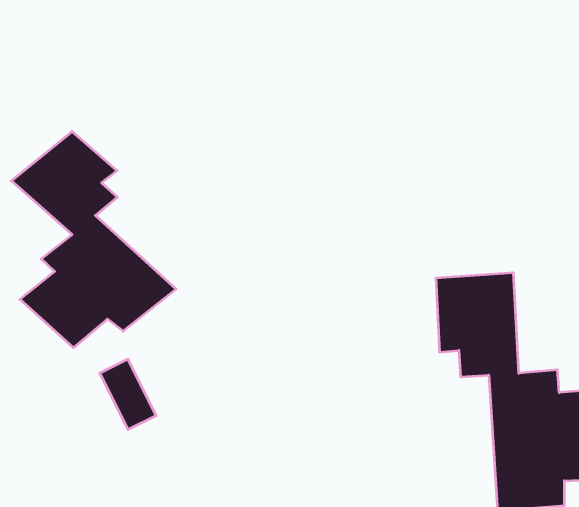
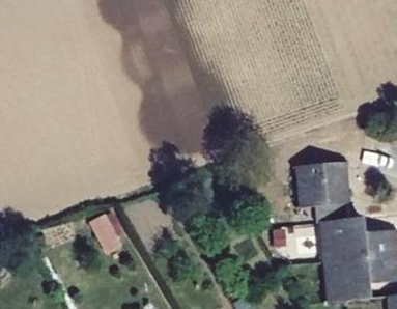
building: [11,131,176,348] -> none

